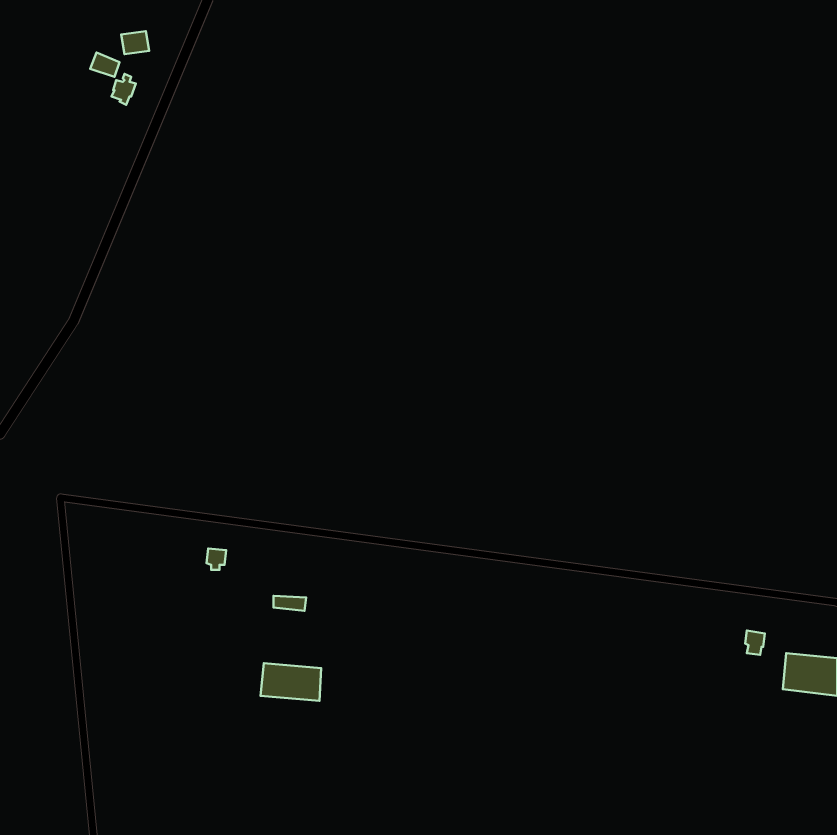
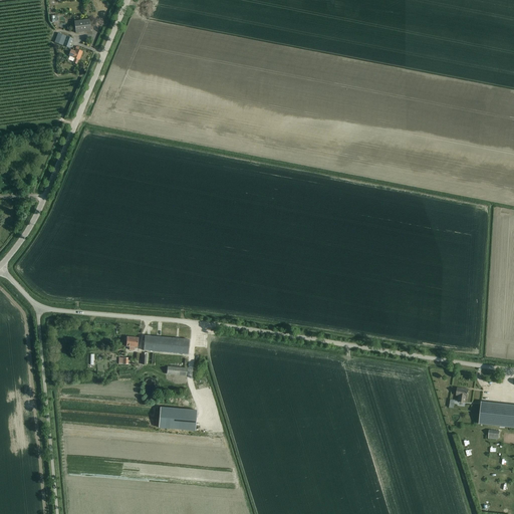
building: none -> [144,335,190,353]

